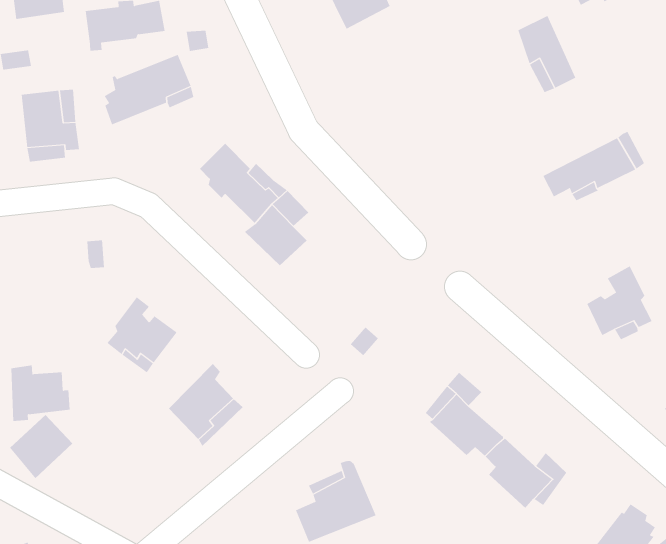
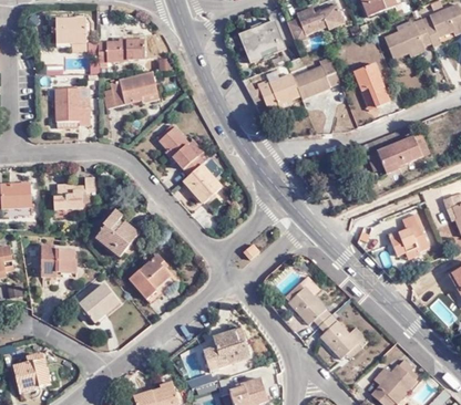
building: none -> [246,61,340,107]
building: none -> [57,184,85,210]
building: [9,414,73,479] -> [80,285,119,324]

